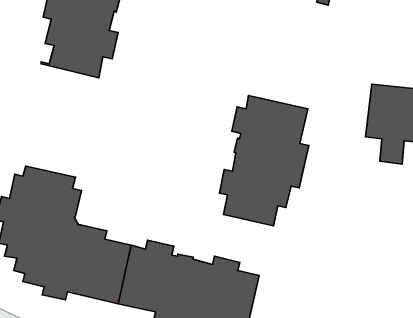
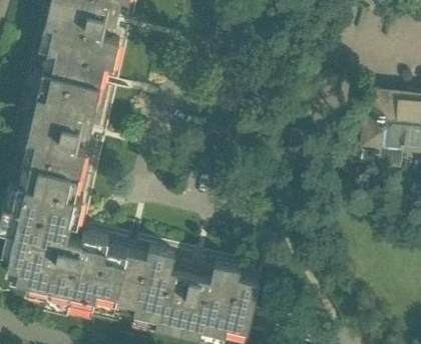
building: none -> [23,71,101,184]
building: [219,95,309,226] -> none

